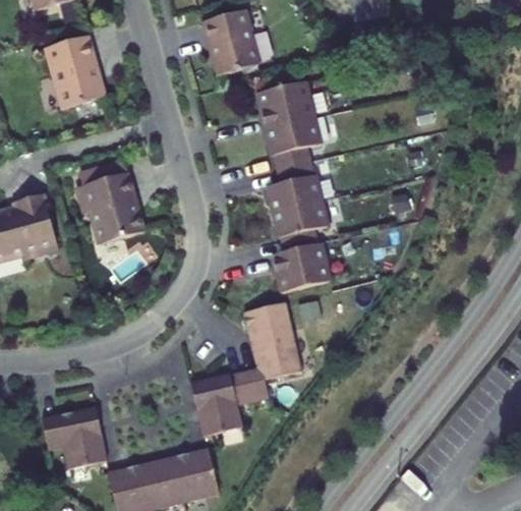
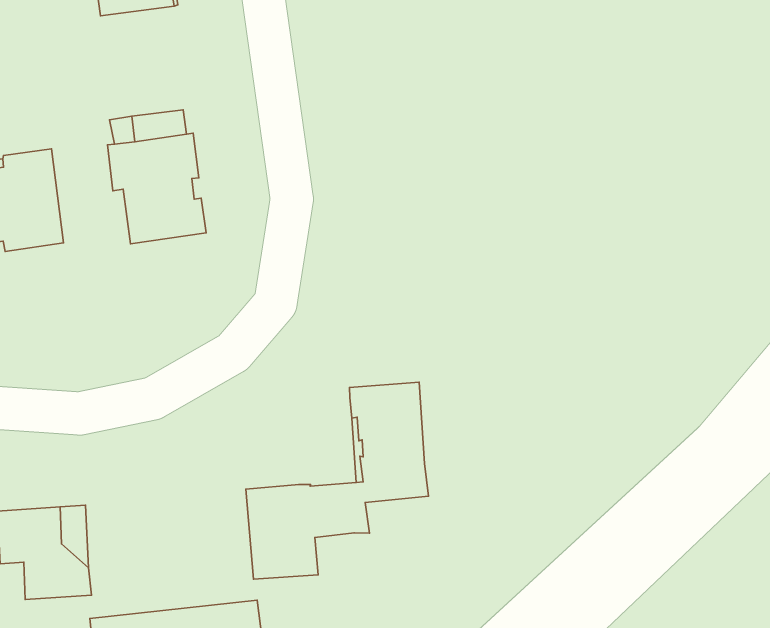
building: [256,80,329,291] -> none

